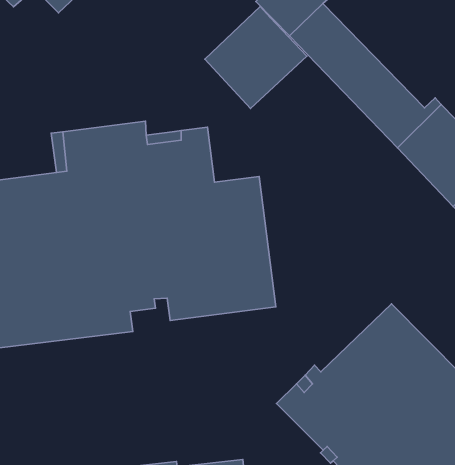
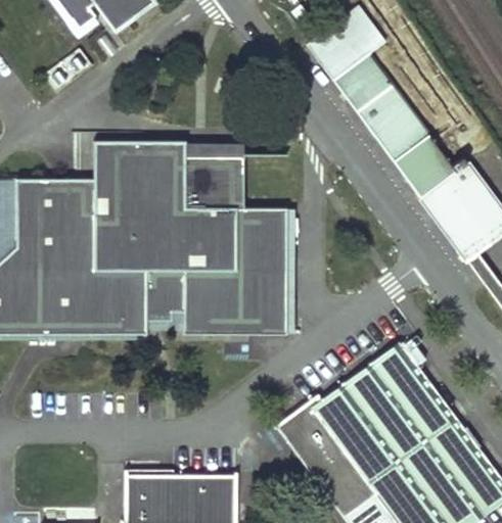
building: [205,6,307,109] -> none

